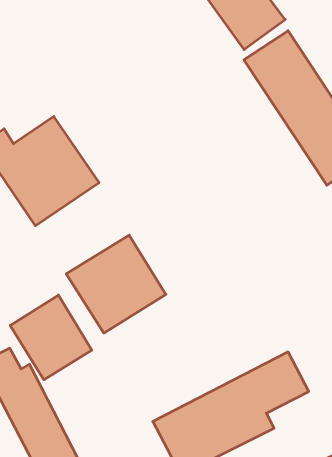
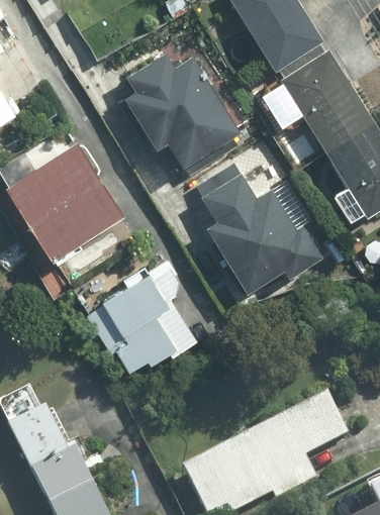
building: none -> [126,42,241,168]
building: none -> [194,163,323,291]
building: [10,295,92,380] -> none

